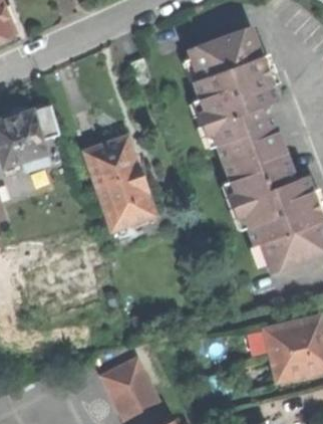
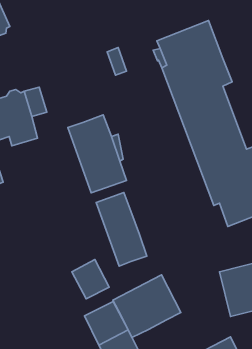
building: none -> [96,192,147,266]
building: none -> [72,259,109,299]
building: none -> [113,275,181,338]

